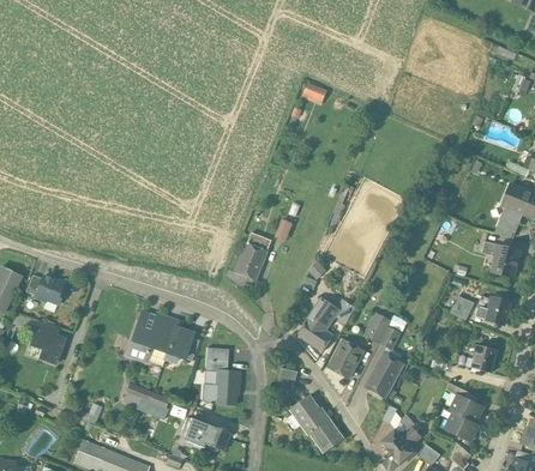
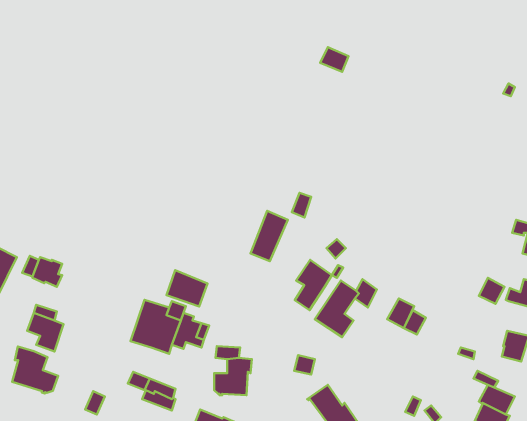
building: none -> [295,260,332,310]
building: none -> [167,270,208,307]
building: [330,339,365,378] -> none
building: [366,352,403,397] -> none
building: none -> [12,347,58,393]

